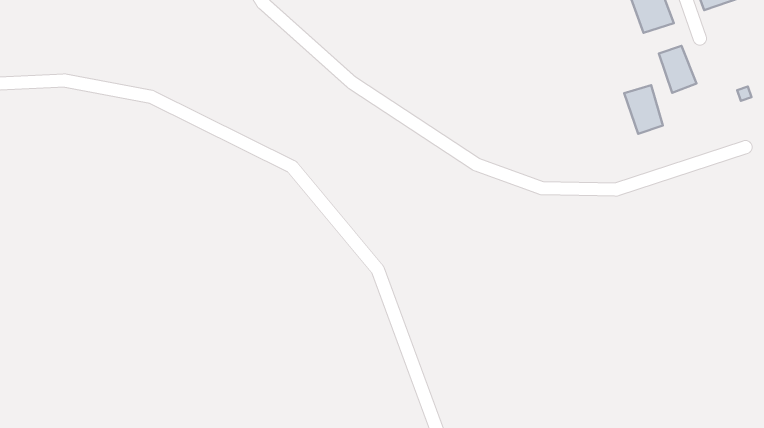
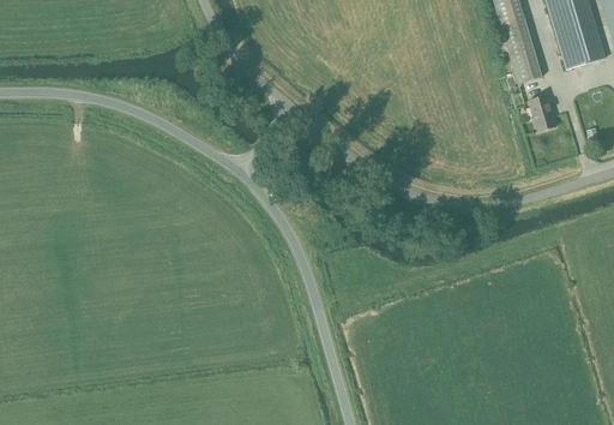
building: [624,85,663,134] -> none

